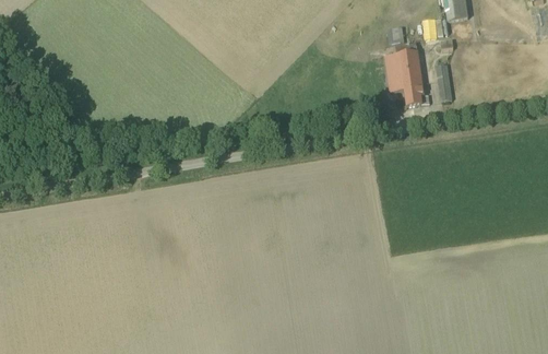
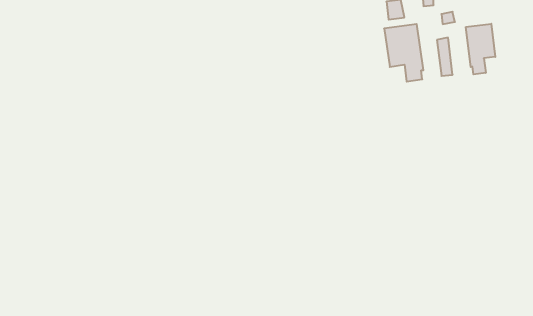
building: none -> [466,24,495,74]

